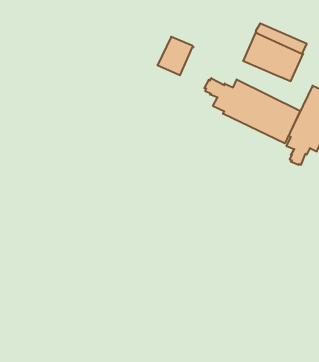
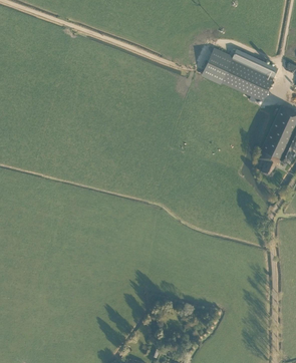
building: [157,37,194,75] -> [202,48,234,82]
building: [204,78,300,143] -> none

